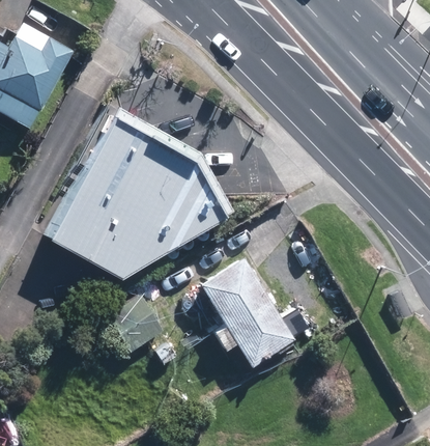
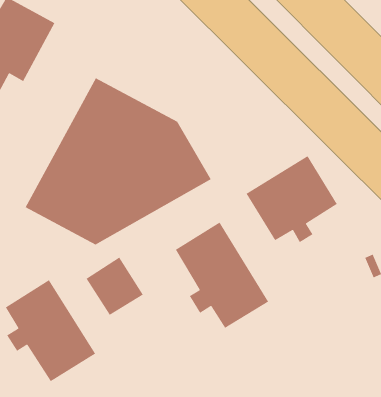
building: none -> [245,155,338,243]
building: none -> [5,279,96,382]

